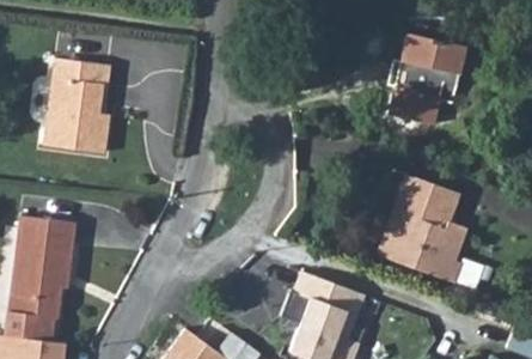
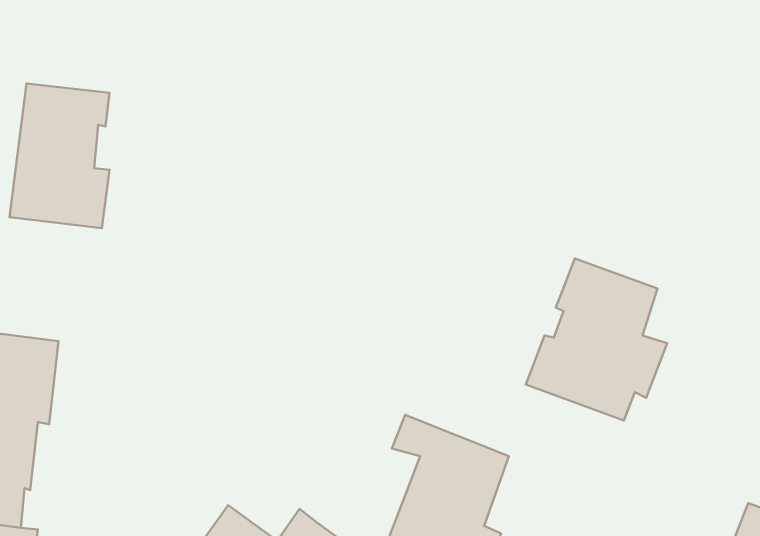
building: [383,38,460,130] -> none

